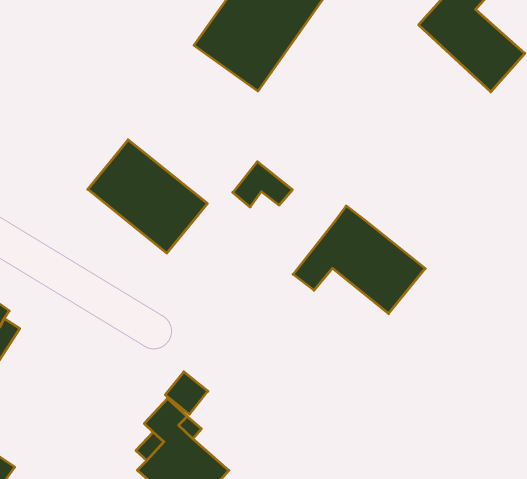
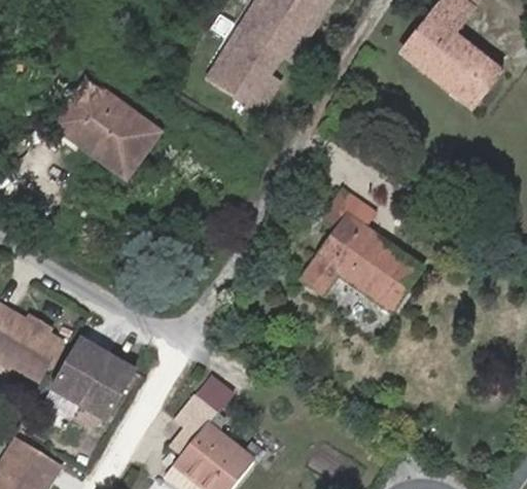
building: [88,140,207,253] -> [51,77,160,177]
building: [233,162,292,207] -> [321,188,375,230]
building: none -> [50,349,129,420]

